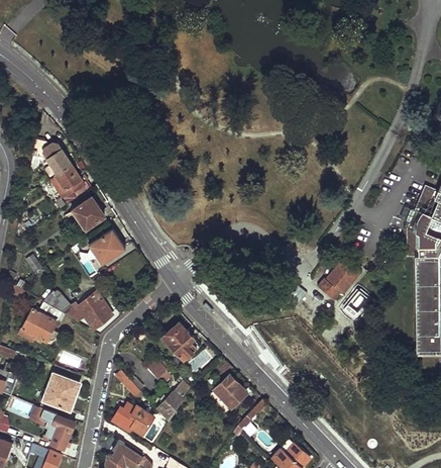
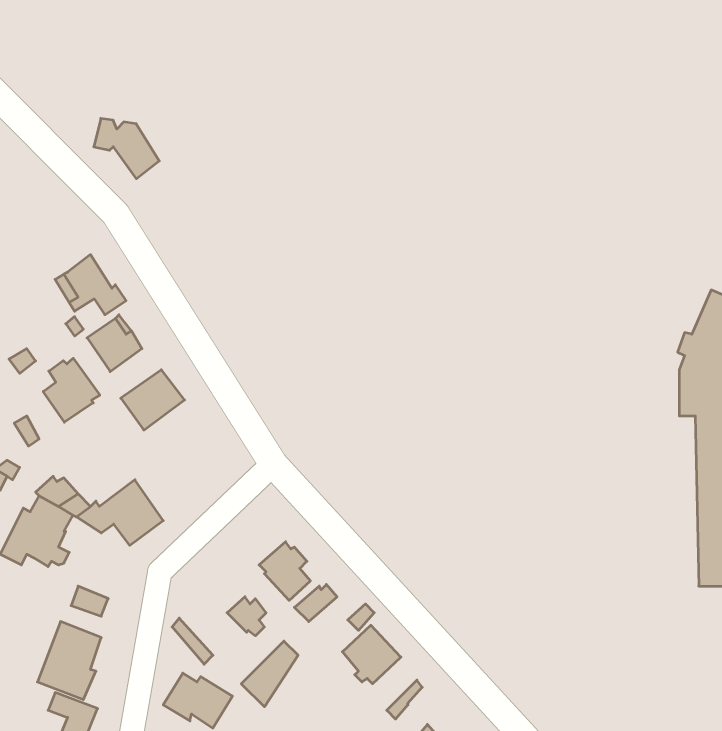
building: [33,139,71,174] -> [94,118,159,179]
building: none -> [43,358,100,422]
building: [316,258,360,301] -> none

